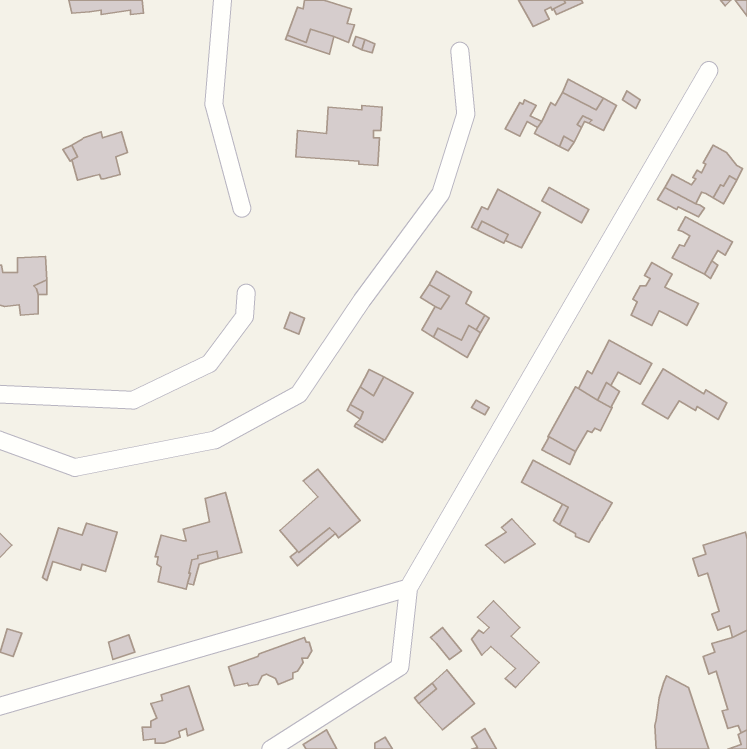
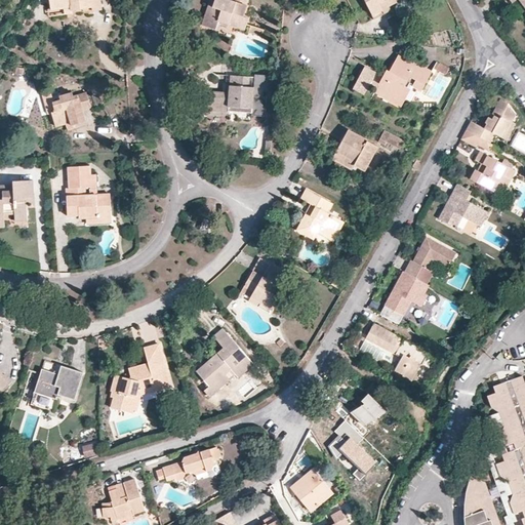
building: none -> [65,165,111,217]
building: [642,369,727,420] -> none
building: [486,519,535,563] -> [351,395,386,426]

